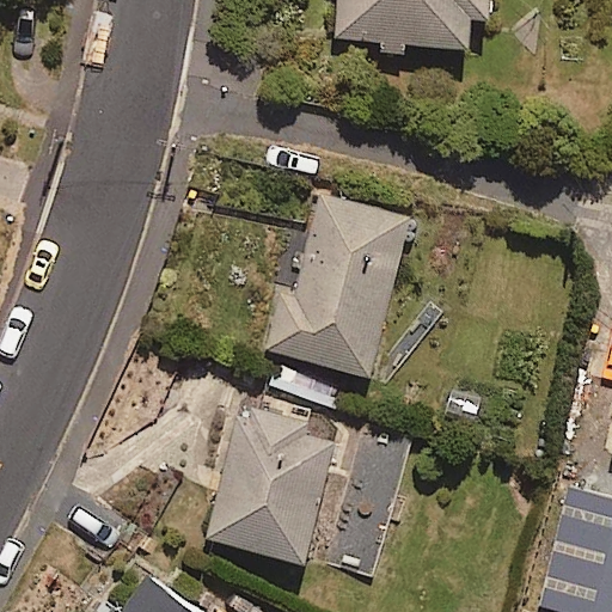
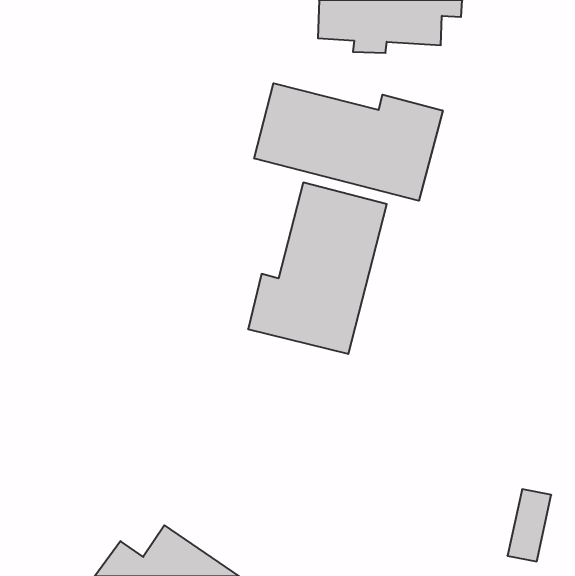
building: none -> [254,83,443,201]
building: [206,405,336,562] -> none

